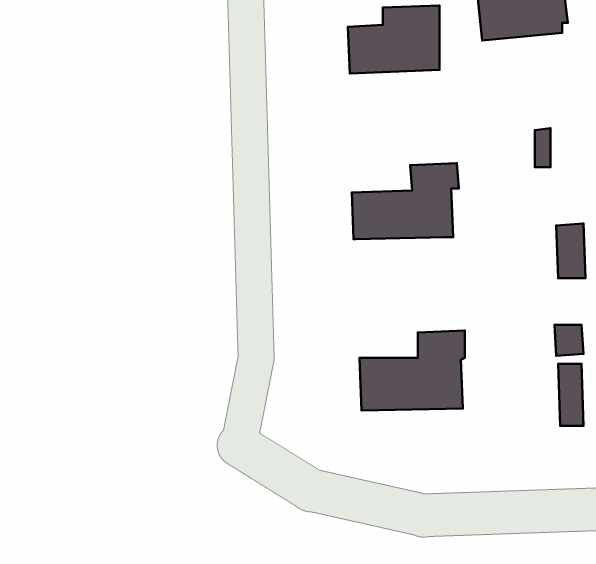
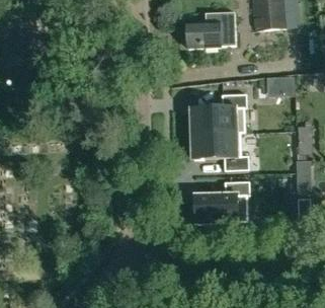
building: none -> [191,132,248,170]

